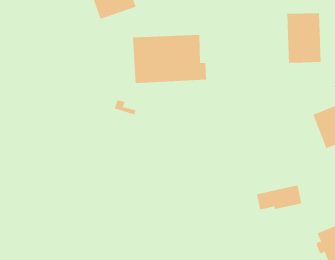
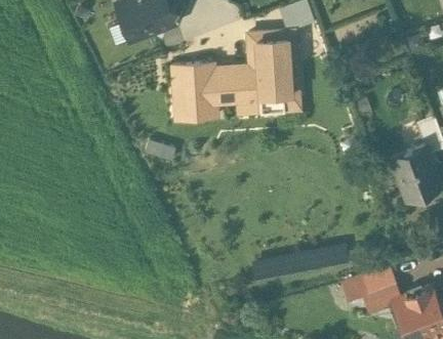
building: [286,13,322,63] -> [250,34,293,95]
building: [256,185,302,210] -> [341,270,398,301]

